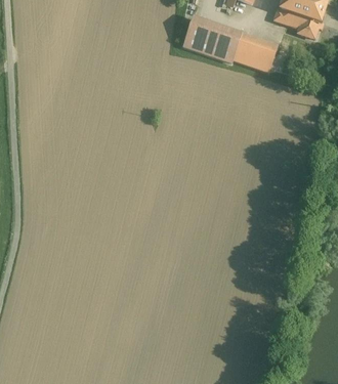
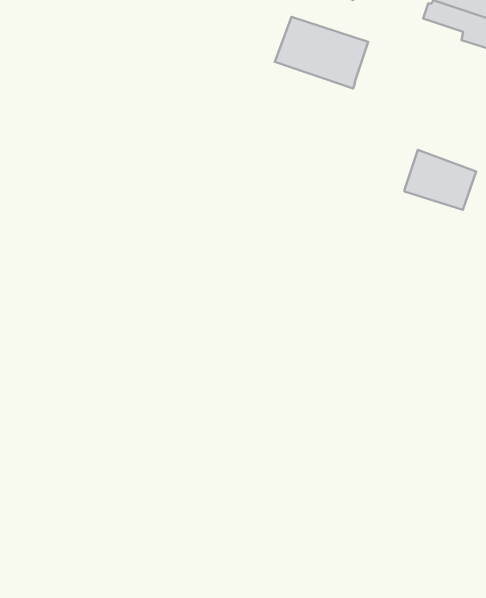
building: [231,34,276,71] -> [404,150,476,210]

